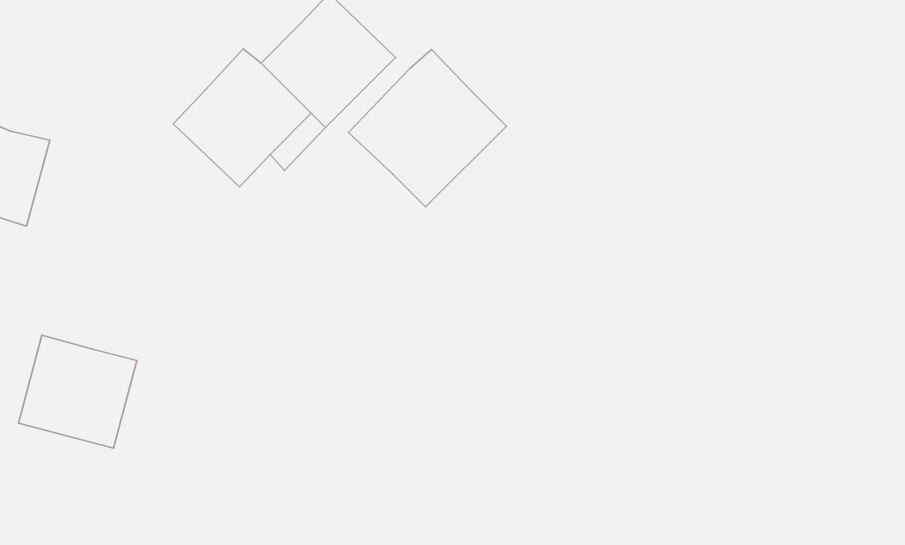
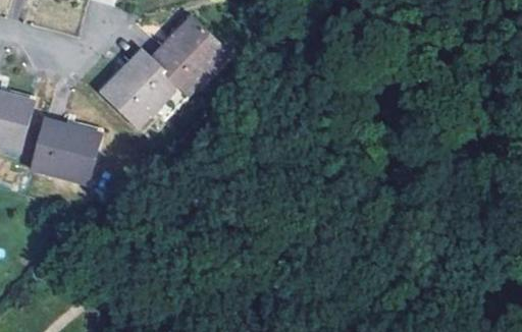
building: [348,49,506,207] -> none
building: [19,335,137,448] -> [32,117,99,181]

